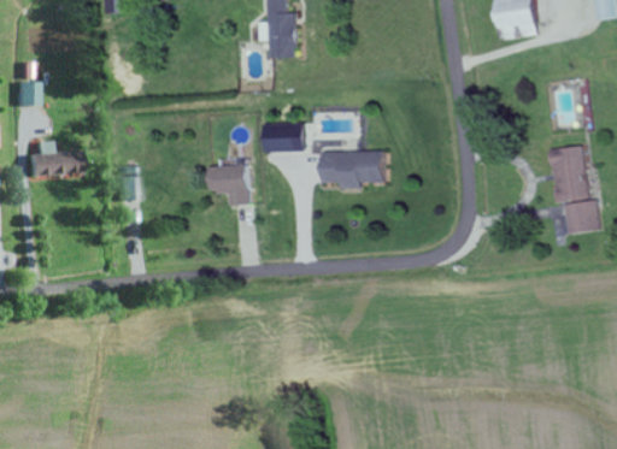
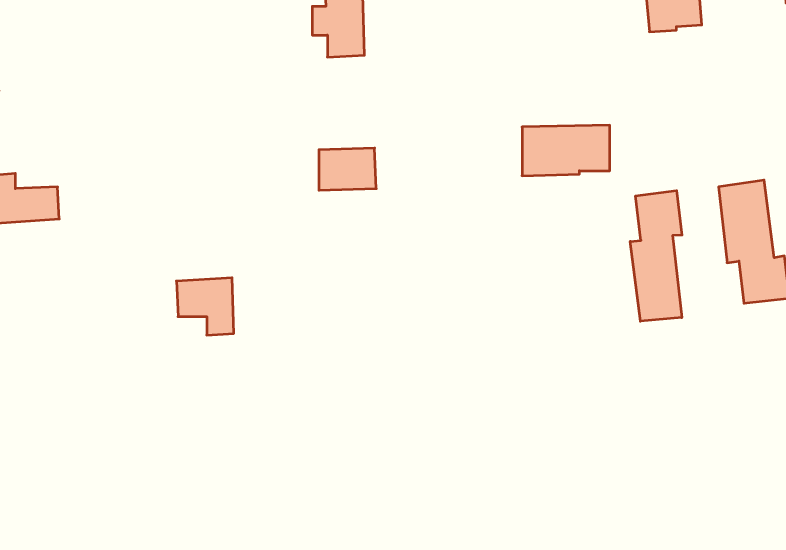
building: [321,150,383,187] -> [522,125,610,176]
building: none -> [630,191,682,321]
building: [207,165,248,206] -> [176,278,234,335]

